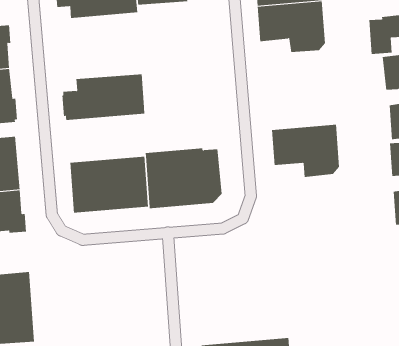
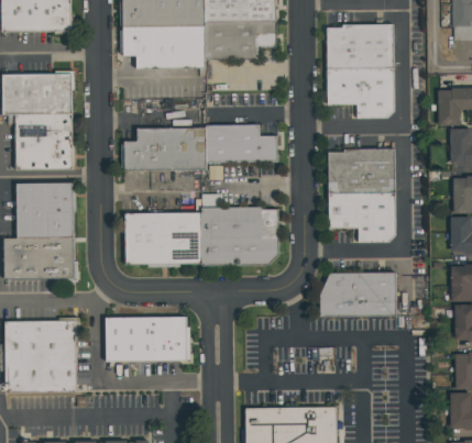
building: none -> [205,125,276,163]
building: none -> [330,149,398,195]
building: none -> [319,272,395,314]
building: none -> [103,317,187,362]

